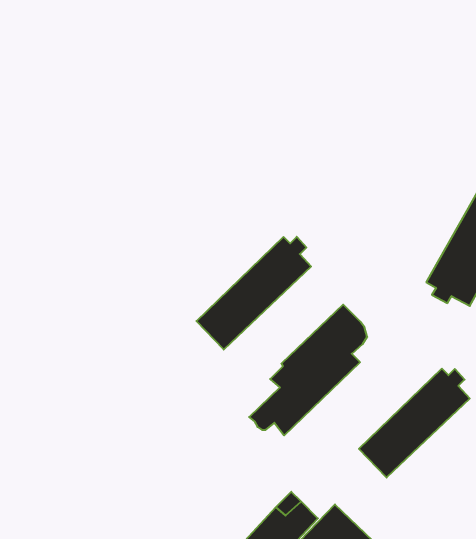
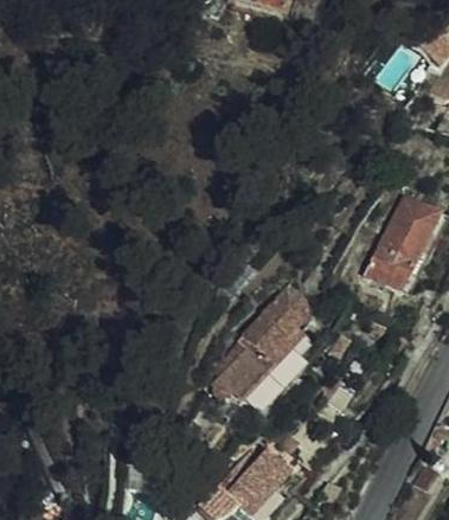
building: [196,237,311,350] -> none
building: [359,369,470,478] -> none

